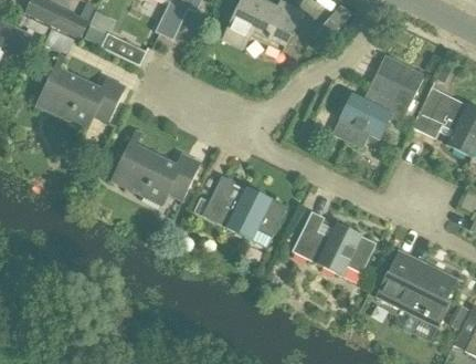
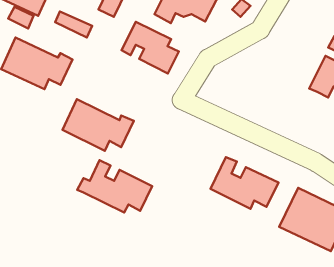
building: none -> [122,22,179,73]
building: [331,54,424,147] -> none
building: [193,175,285,239] -> [77,160,152,213]

